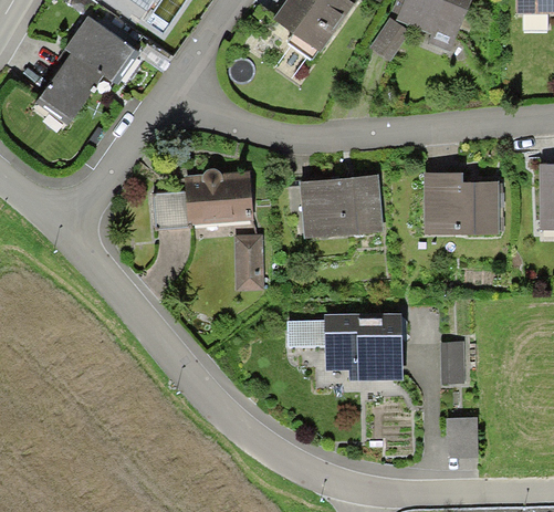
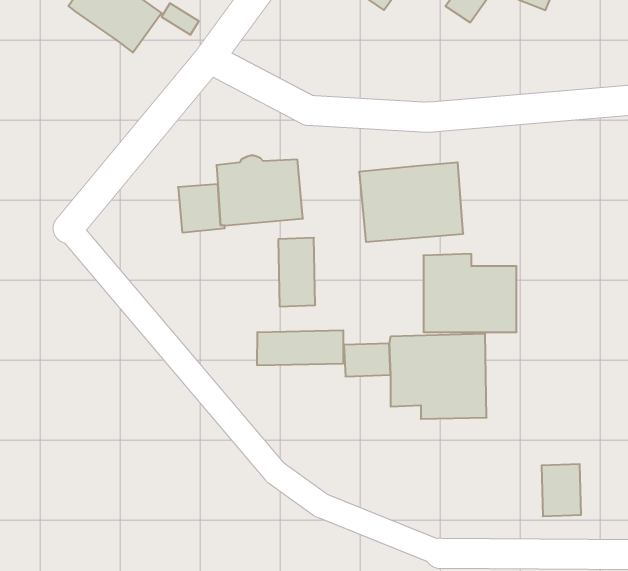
building: [40,52,104,121] -> none
building: [425,171,500,234] -> [423,254,517,332]
building: none -> [257,330,343,365]
building: [441,342,466,384] -> none

